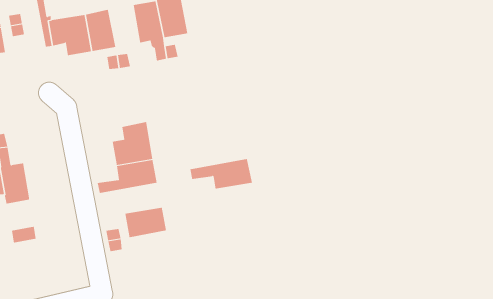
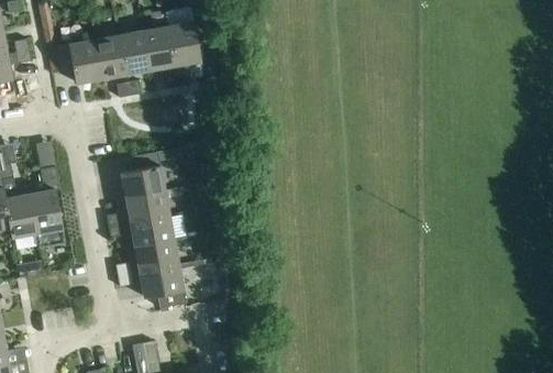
building: none -> [118,31,150,75]
building: none -> [30,167,65,246]
building: [189,158,253,189] -> [108,216,174,248]
building: none -> [139,265,183,298]

